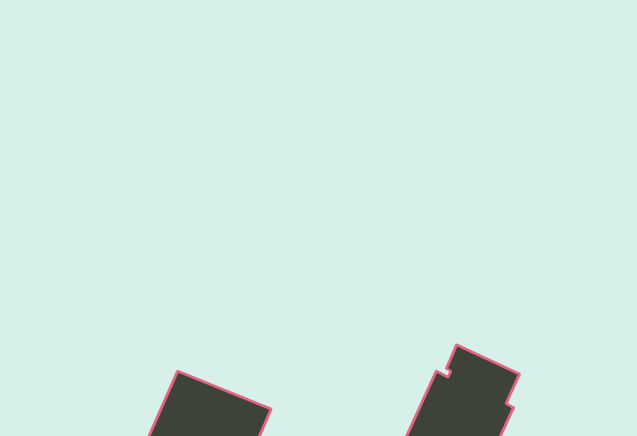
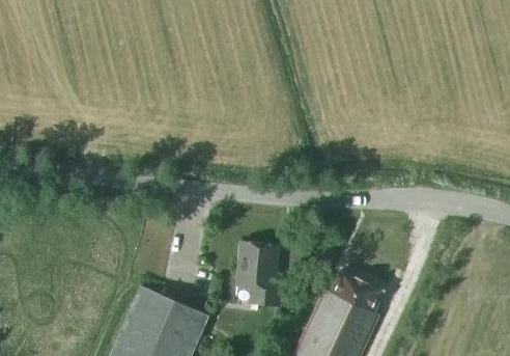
building: none -> [235,241,281,306]

